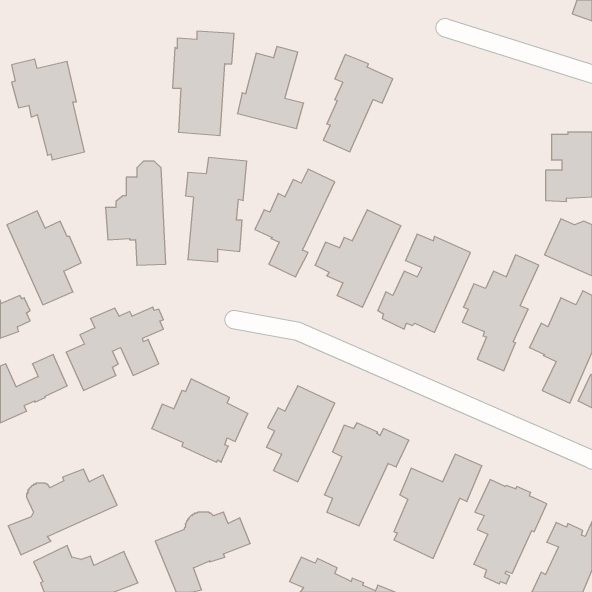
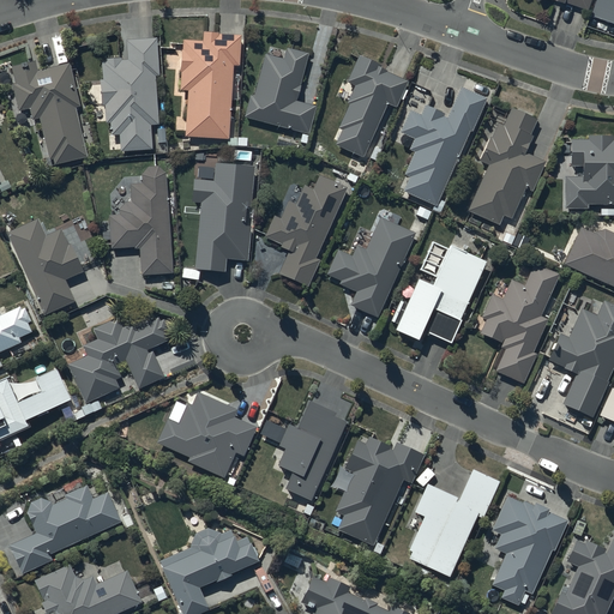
building: none -> [101,38,159,151]
building: none -> [399,86,486,206]
building: none -> [466,107,546,225]

